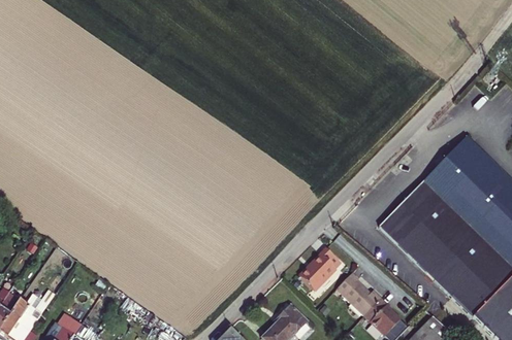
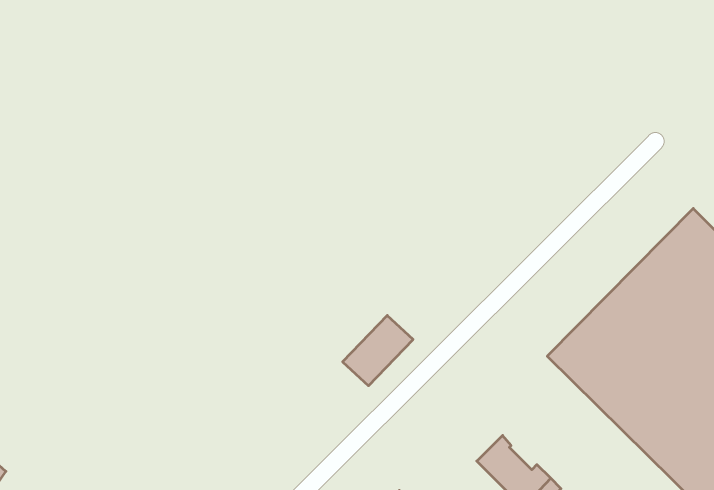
building: [299,247,342,290] -> [343,315,413,386]

